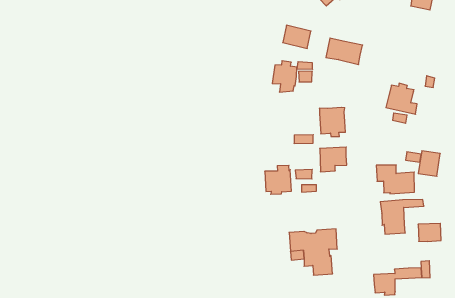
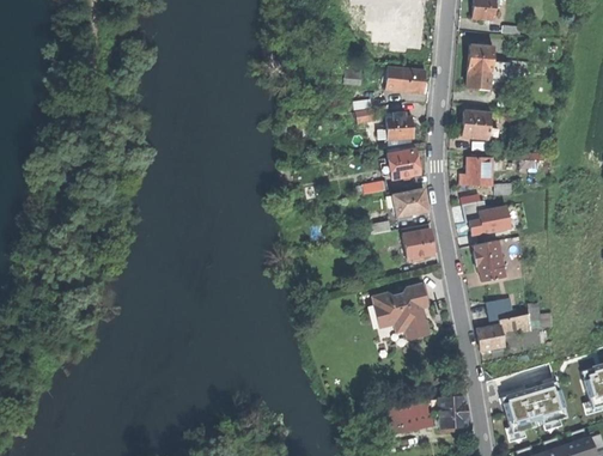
building: none -> [467,44,497,89]
building: [272,61,297,92] -> [386,113,413,148]
building: [418,151,440,176] -> [469,158,491,184]
building: [265,165,291,194] -> [402,224,436,260]
building: [418,223,441,241] -> [486,297,514,321]

